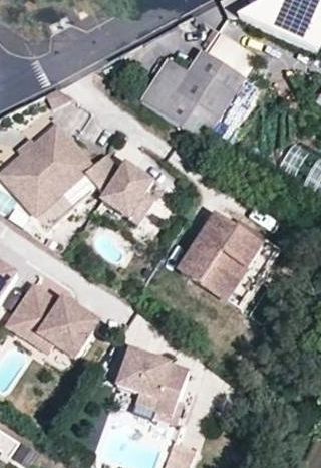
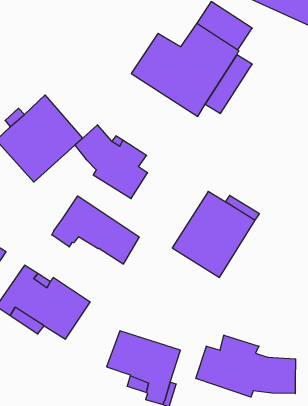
building: none -> [52,196,139,264]
building: none -> [196,335,296,397]

